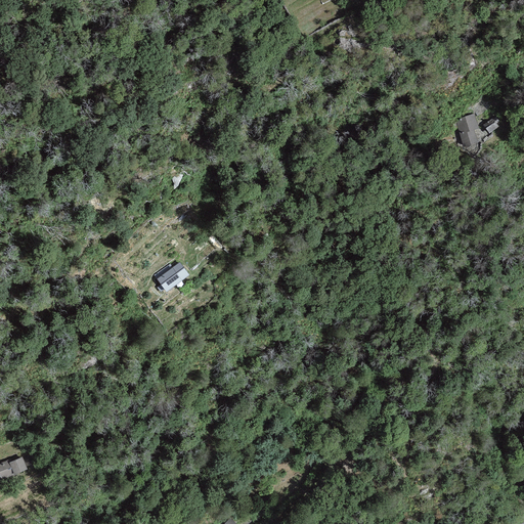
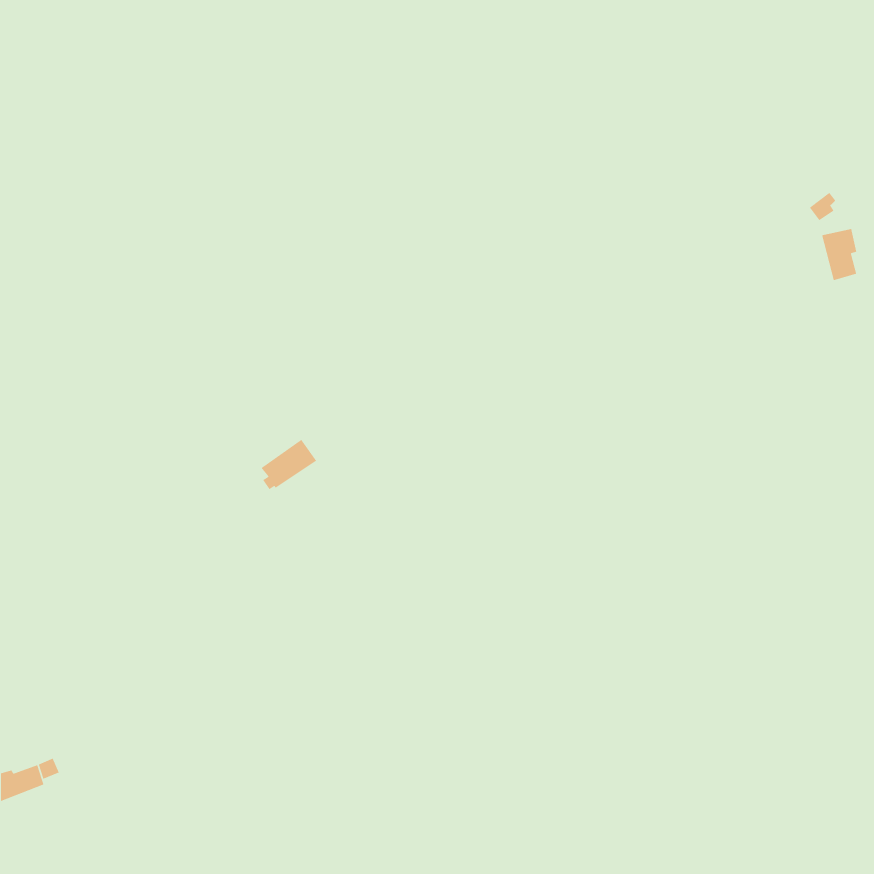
building: [456,115,478,146] -> [821,228,857,281]

